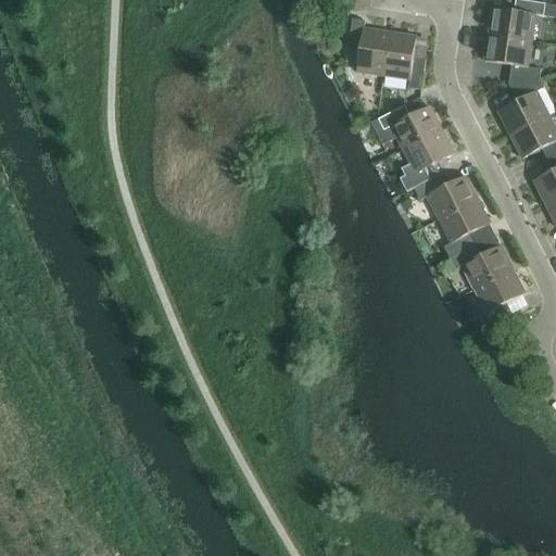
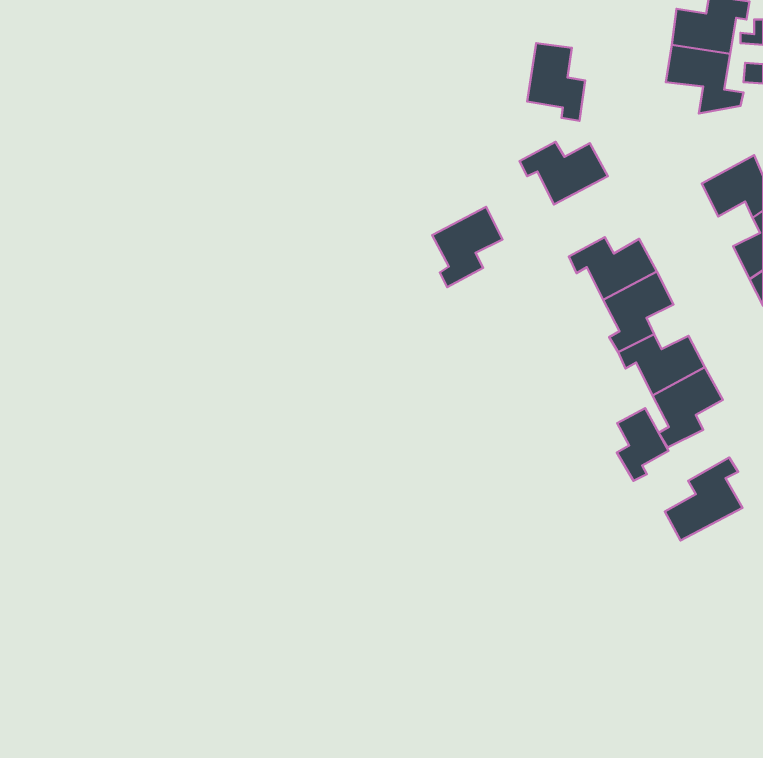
building: [348,17,390,74] -> none
building: [497,77,548,134] -> none
building: [403,128,454,187] -> [432,207,502,287]
building: none -> [617,408,668,481]
building: none -> [665,458,743,540]

